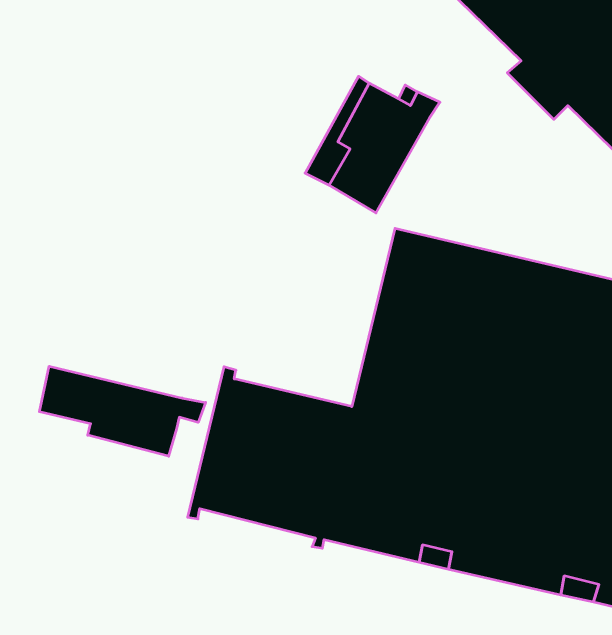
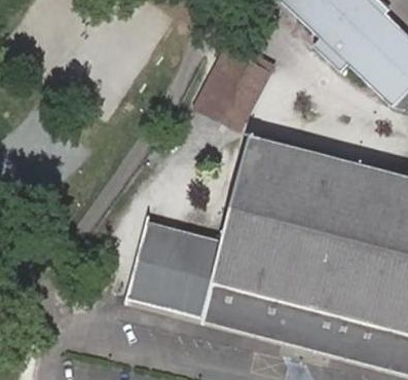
building: [39,366,206,456] -> none

